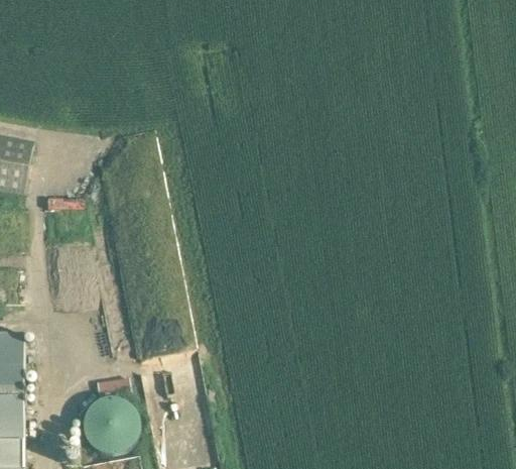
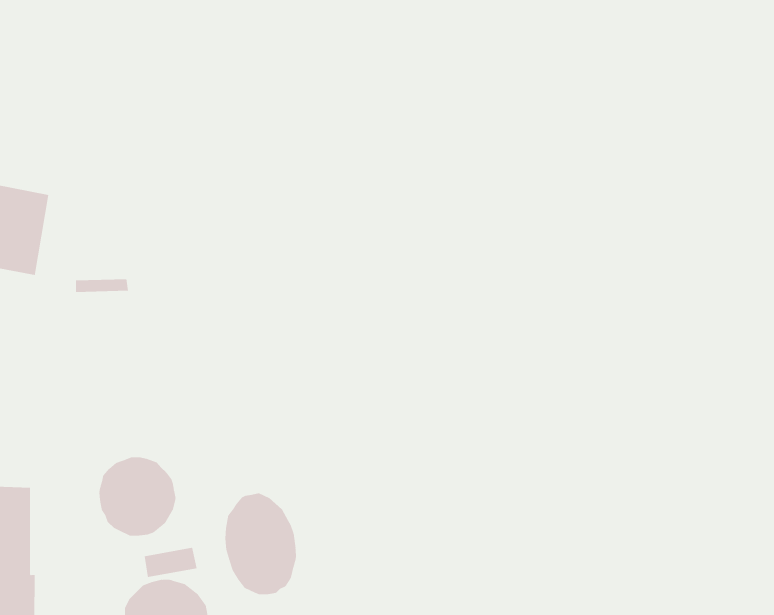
building: none -> [99,457,176,536]
building: none -> [225,493,296,595]

